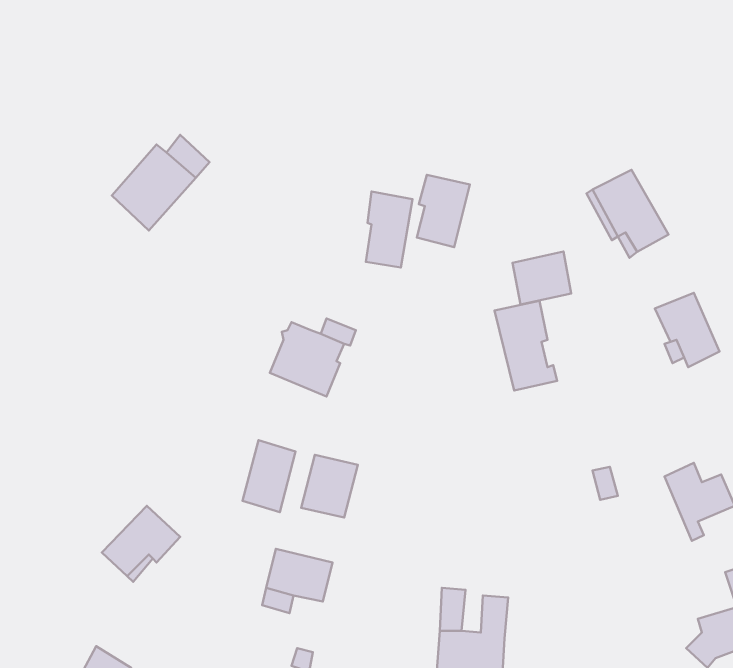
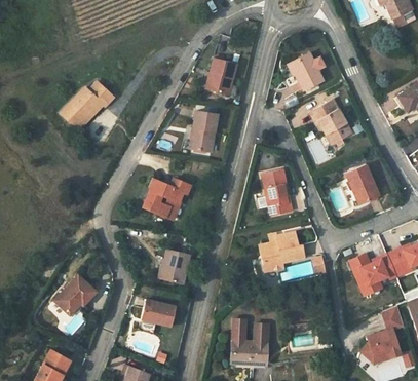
building: none -> [290,54,325,90]
building: [417,175,470,247] -> [210,58,237,96]
building: [512,252,571,304] -> none
building: none -> [263,231,304,271]
building: [243,440,296,512] -> none

